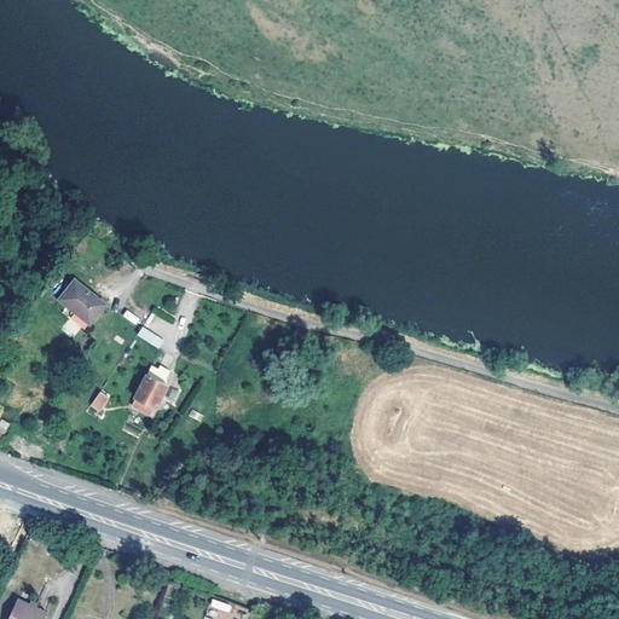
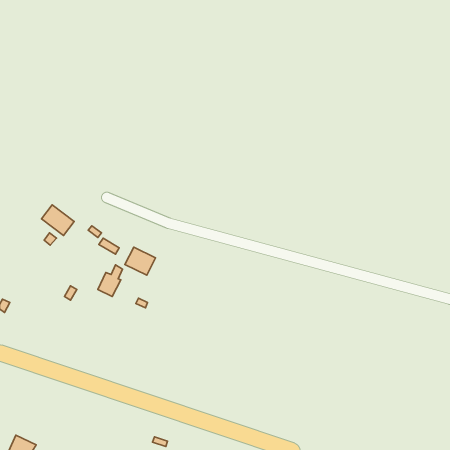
building: none -> [125,247,156,275]

